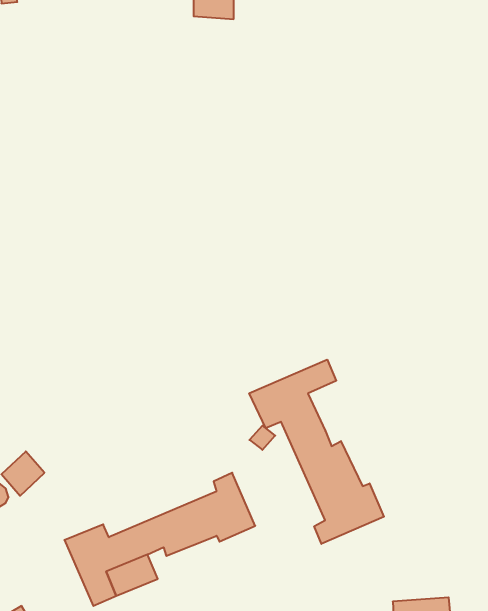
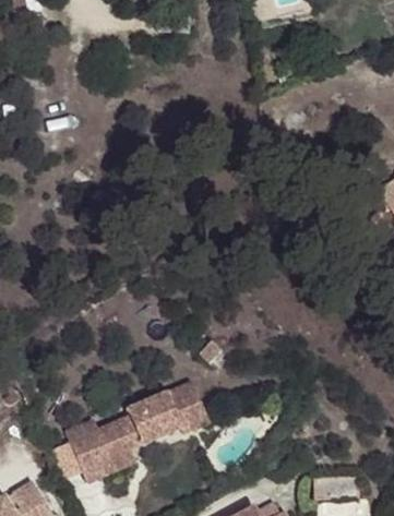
building: [249,360,384,544] -> none

